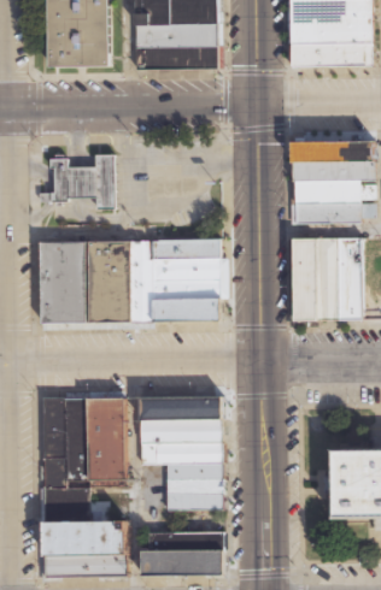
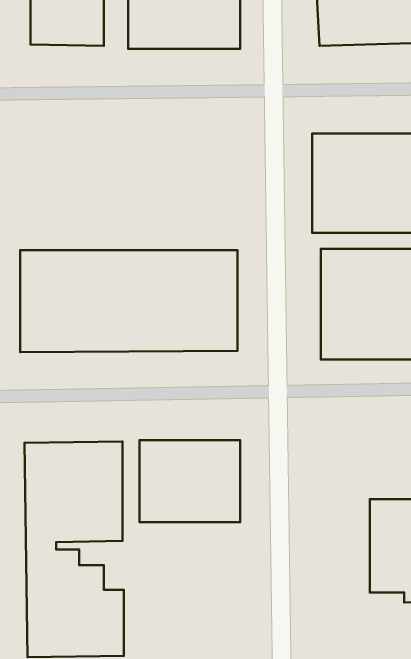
building: [51,154,112,210] -> none
building: [165,465,223,512] -> none
building: [140,531,223,574] -> none

